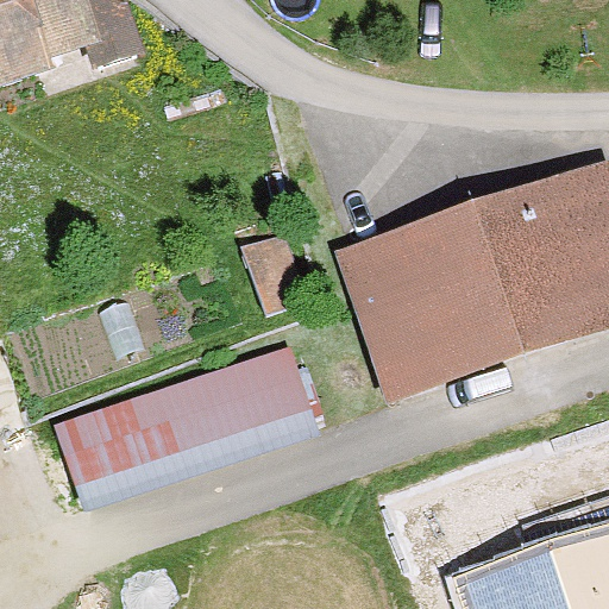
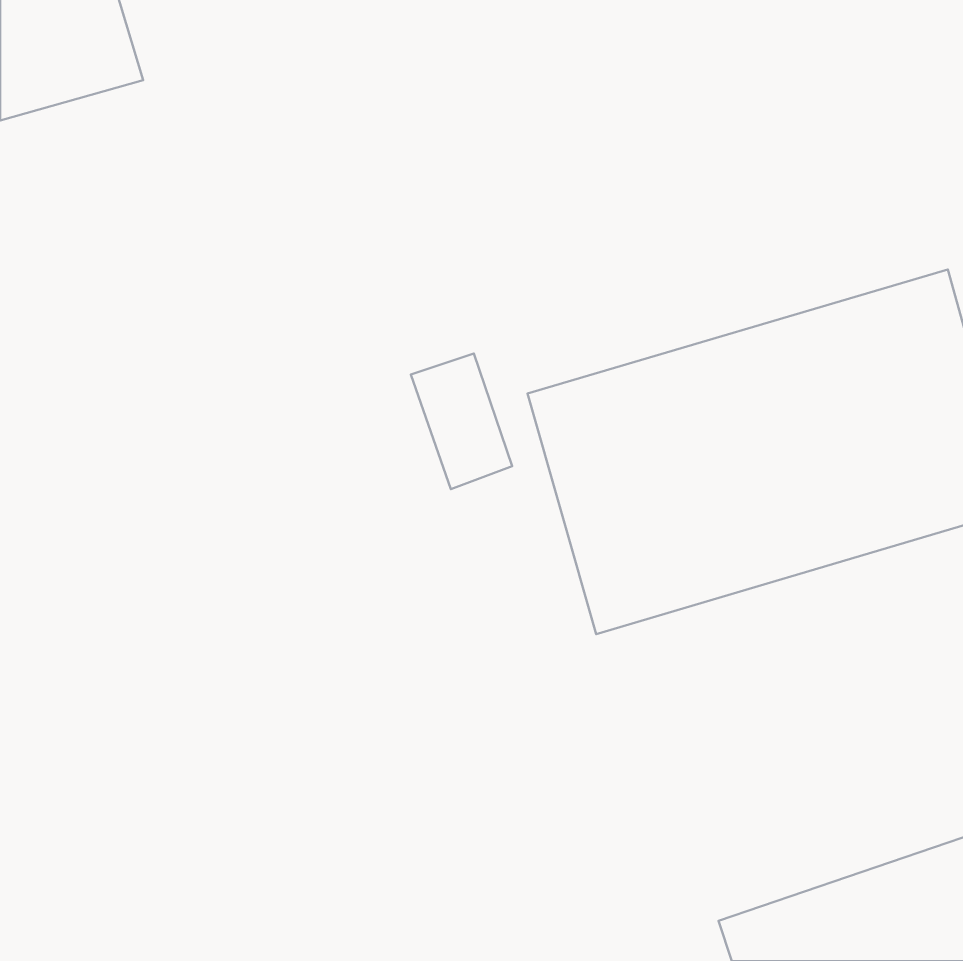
building: [56,351,312,511] -> none

